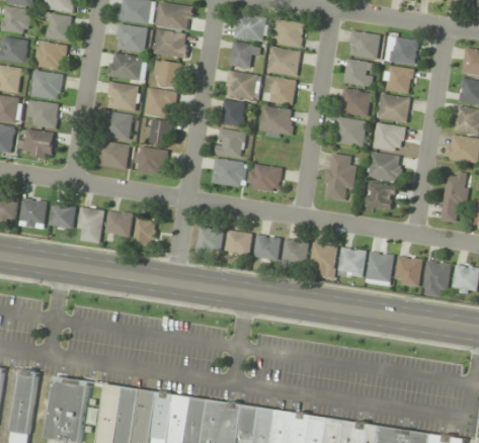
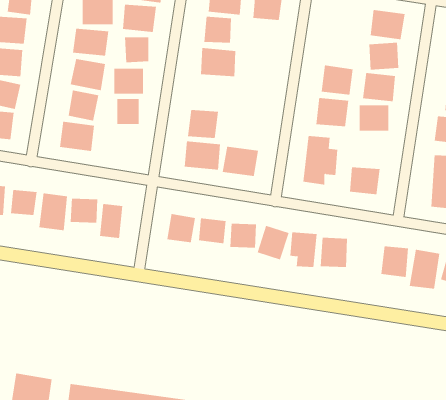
building: [349,32,379,59] -> none
building: [269,50,298,74] -> none
building: [343,60,374,87] -> none
building: [264,78,295,103] -> none
building: [222,101,244,126] -> none
building: [258,106,294,139] -> none
building: [134,147,167,175] -> none
building: [369,153,402,181] -> none
building: [367,252,393,285] -> none

